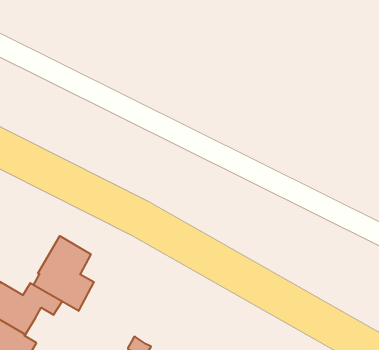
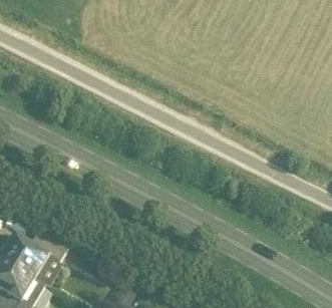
building: [34,236,94,311] -> none

